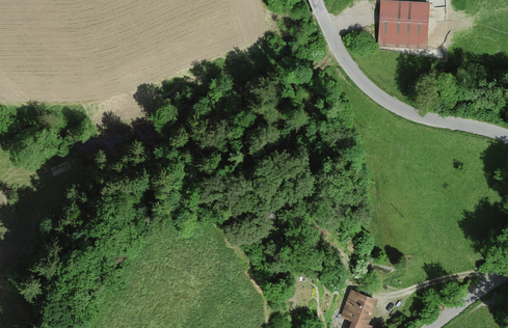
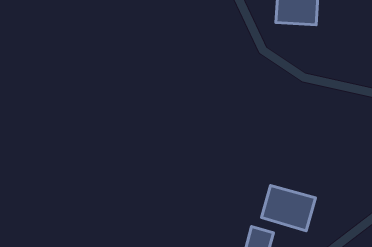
building: none -> [262,185,315,231]

